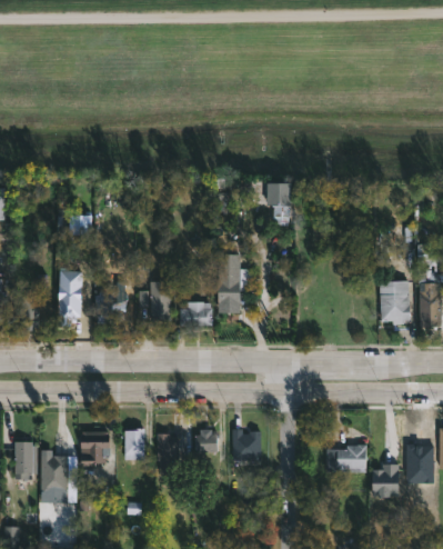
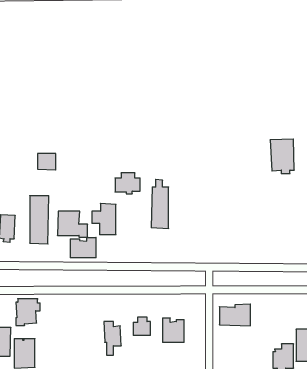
building: [263,183,295,228] -> none
building: [377,280,409,325] -> [270,139,294,174]
building: [181,302,213,329] -> [115,173,140,194]
building: none -> [70,237,96,258]
building: [127,428,148,460] -> none
building: [81,431,112,466] -> [16,299,40,325]
building: [328,445,368,472] -> [219,304,250,326]

